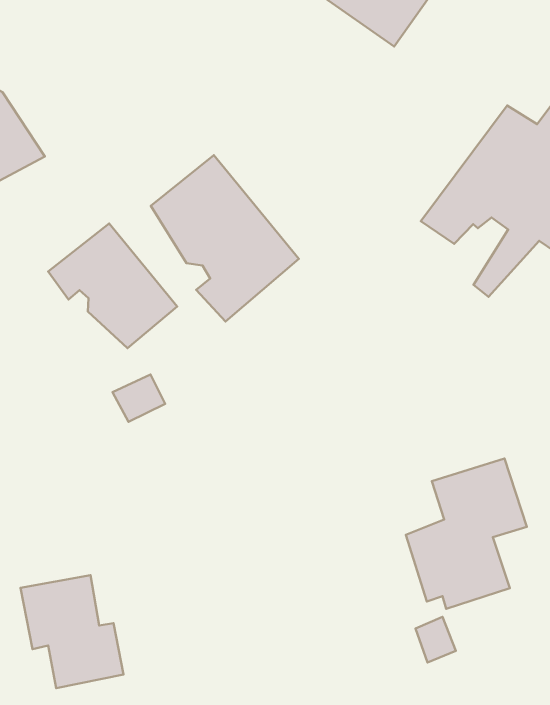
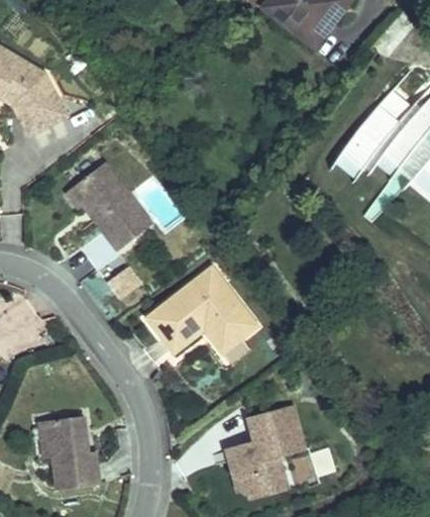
building: [151,155,299,321] -> none
building: none -> [145,267,259,359]
building: [406,459,527,609] -> [226,398,311,501]

